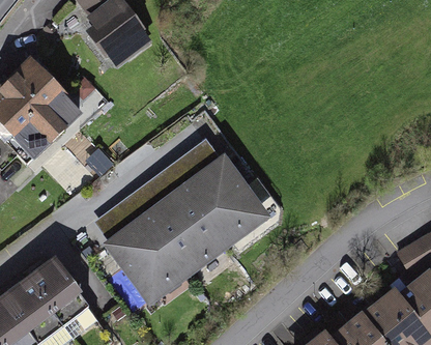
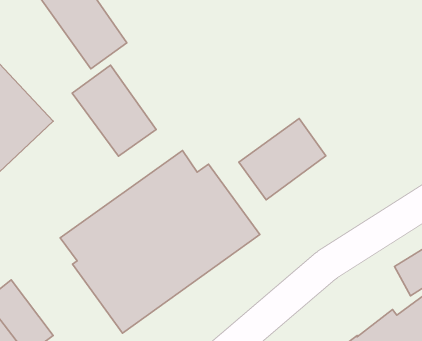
building: none -> [72,65,156,156]
building: none -> [239,119,326,200]

